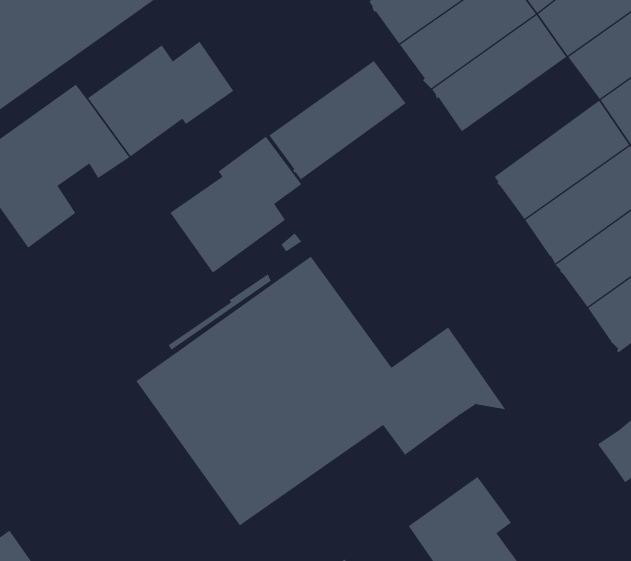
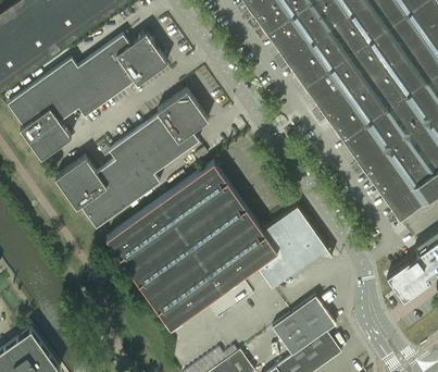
building: [268,60,406,180] -> [305,42,389,115]
building: none -> [57,137,161,228]

